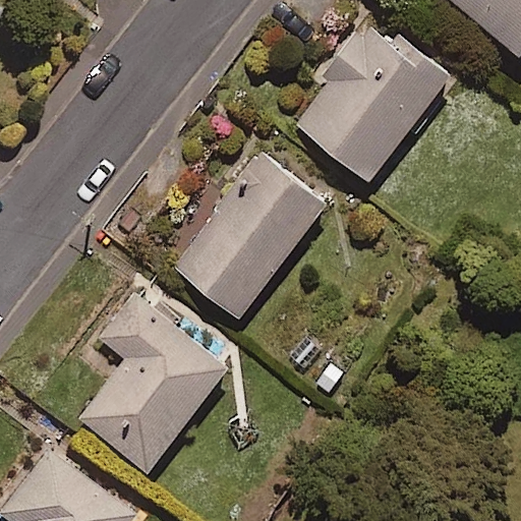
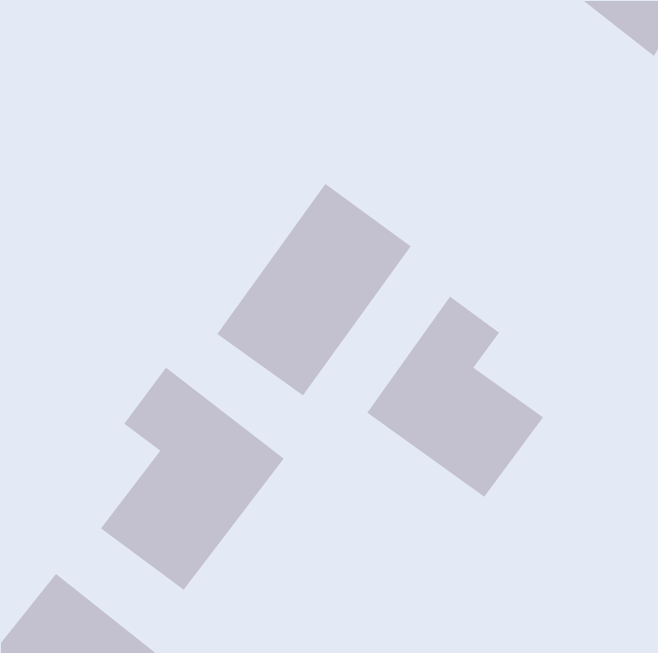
building: [294,11,451,181] -> none
building: none -> [366,295,544,498]

